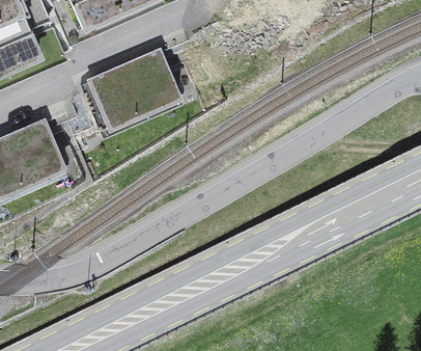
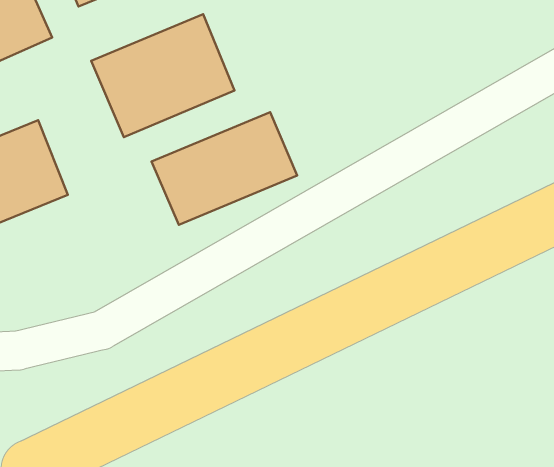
building: none -> [152,112,297,225]

